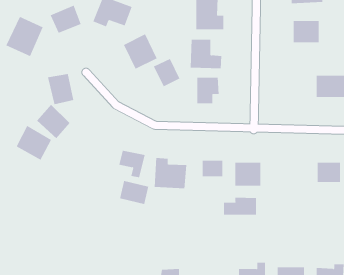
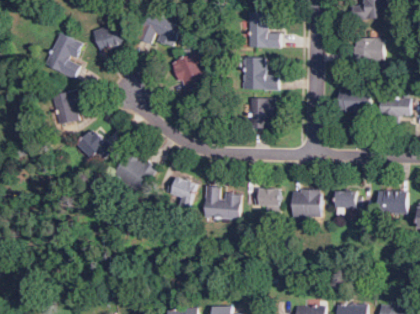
building: [153,58,180,87] -> none
building: none -> [338,88,370,122]
building: [47,73,74,105] -> [52,90,81,124]
building: [16,125,52,160] -> [115,151,154,189]
building: none -> [335,190,357,207]
building: [119,180,149,205] -> none
building: [223,197,257,216] -> none

